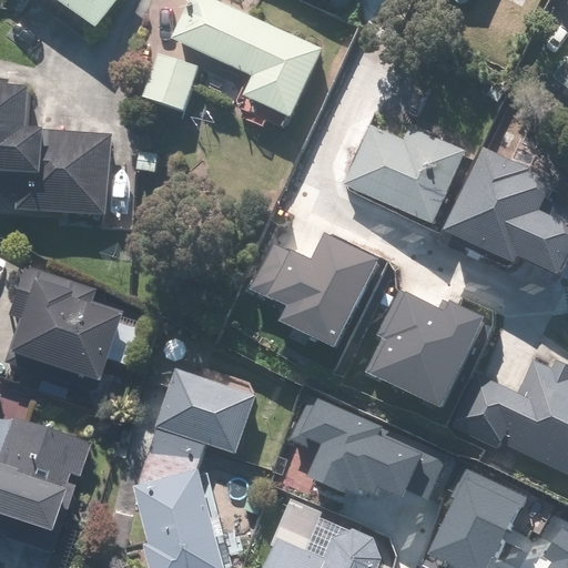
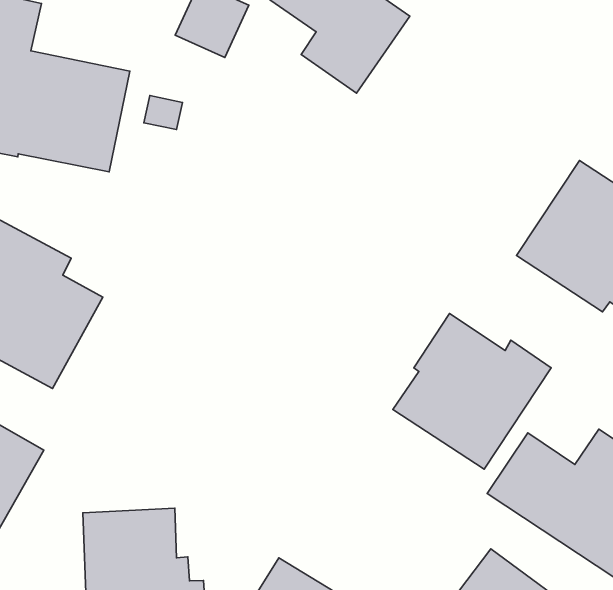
building: [337,120,466,223] -> none
building: [250,231,378,347] -> none
building: [159,363,260,456] -> none
building: [288,392,450,505] -> none

